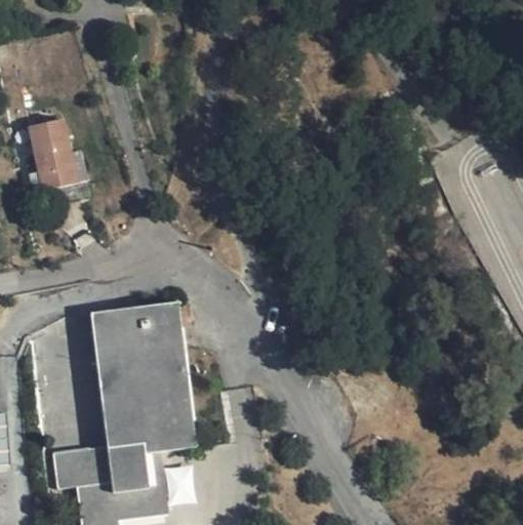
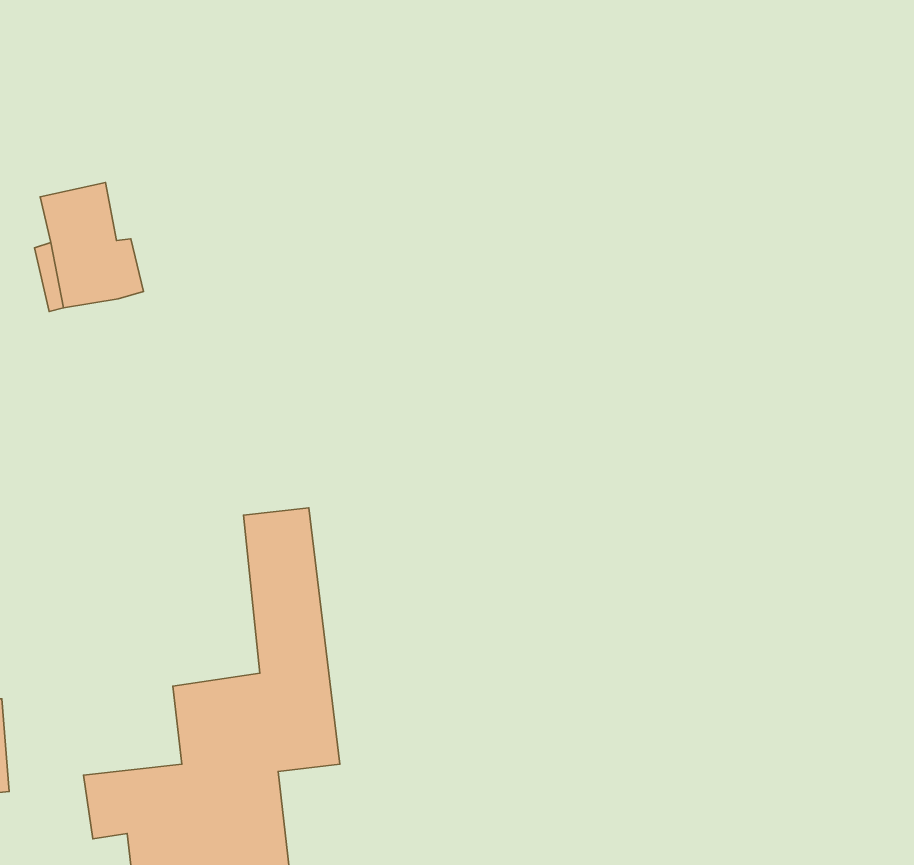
building: [91,305,151,401] -> none

